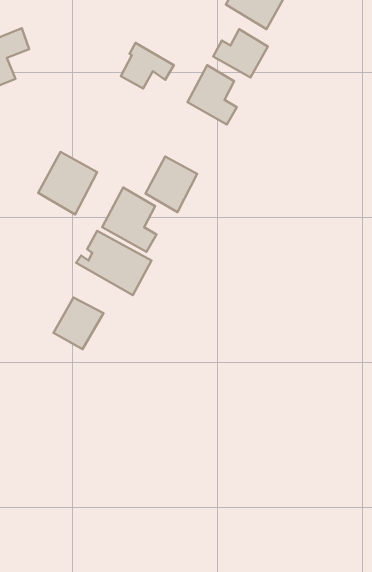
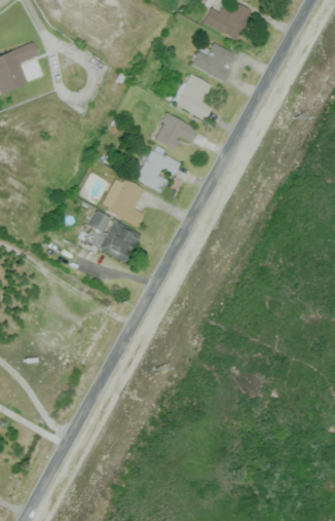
building: [121,43,174,88] -> [154,112,198,150]
building: [38,152,97,214] -> none
building: [54,298,104,349] -> none

